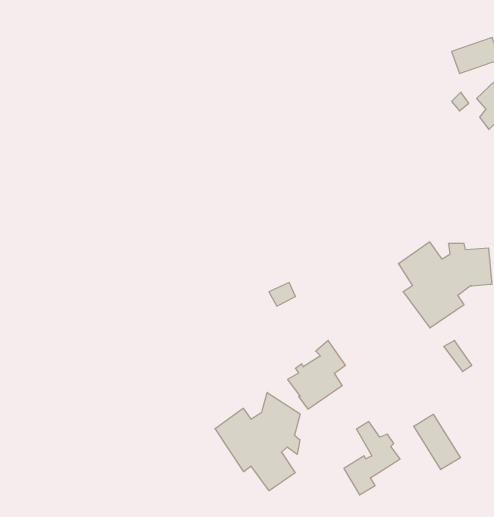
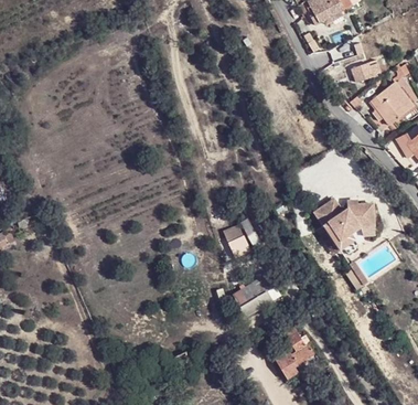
building: [215,392,300,491] -> none
building: [414,414,460,470] -> none

